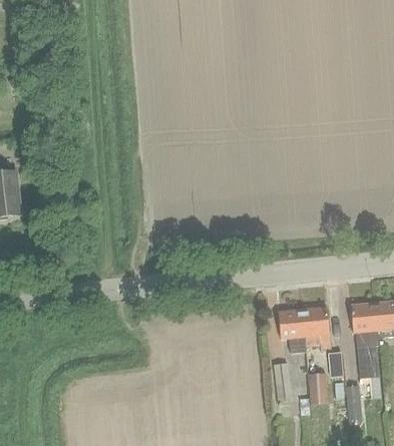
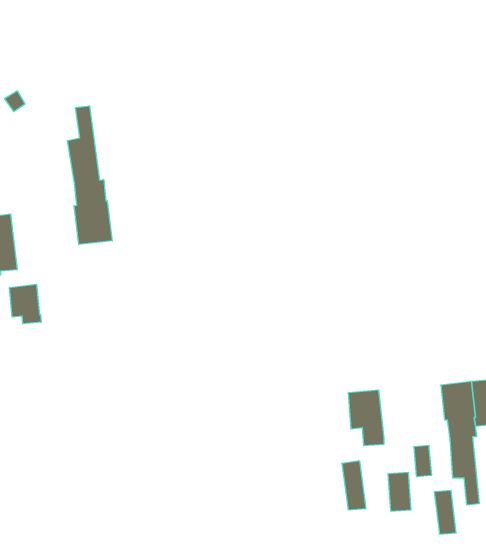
building: none -> [68,106,112,245]
building: none -> [9,284,41,324]
building: [302,306,330,348] -> none

